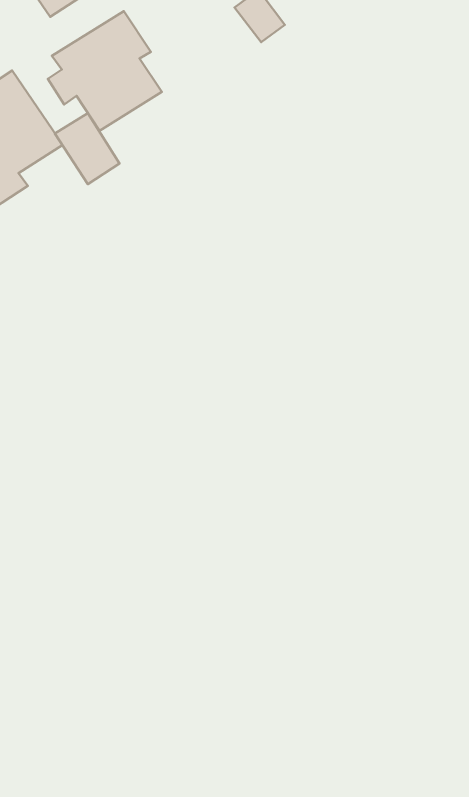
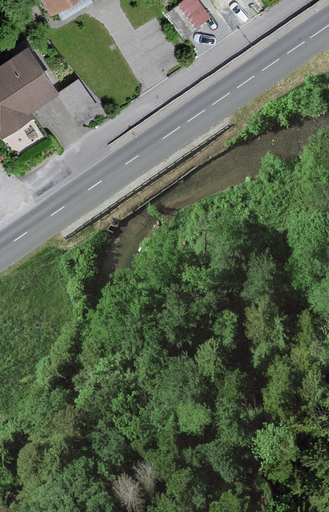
building: [48,11,162,131] -> none

